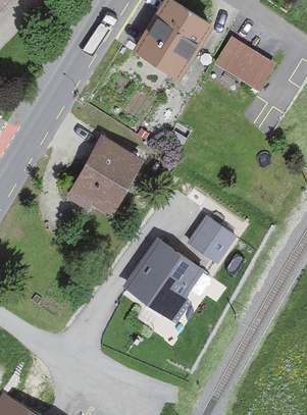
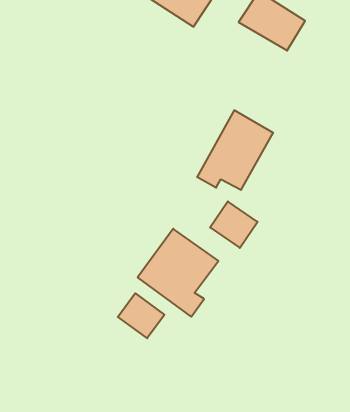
building: [63,134,129,202] -> [197,110,273,190]
building: none -> [118,293,164,338]

